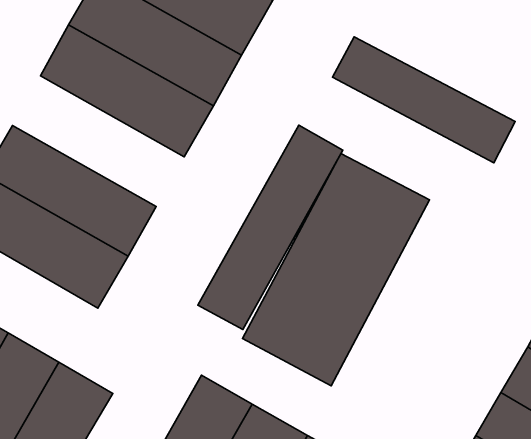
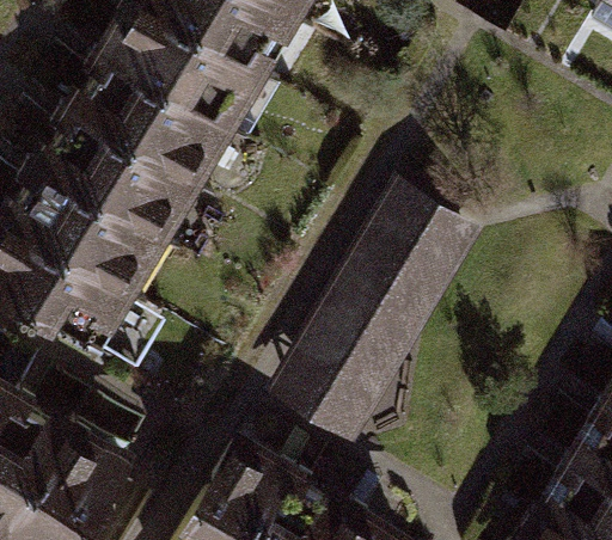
building: [333,37,515,163] -> none
building: none -> [17,110,207,254]
building: [198,125,343,329] -> none

